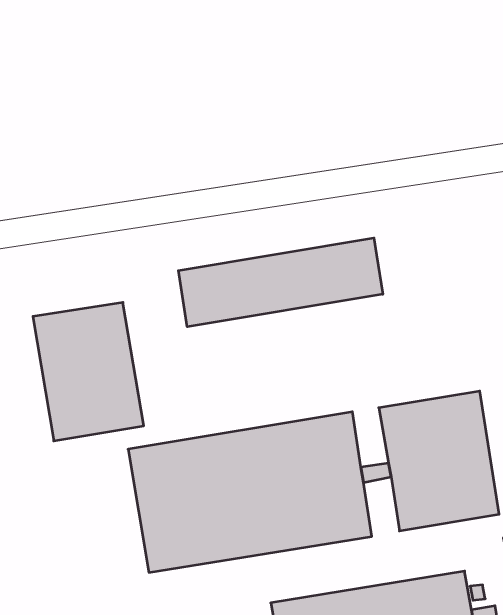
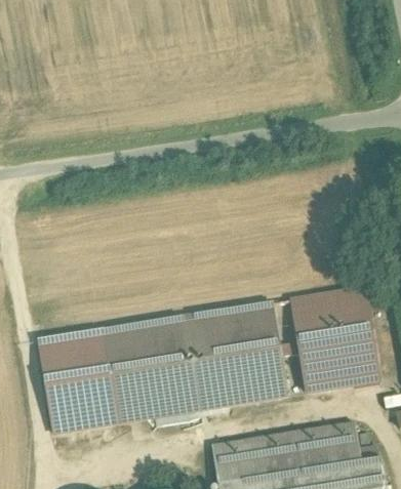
building: [178,238,383,327] -> none
building: [33,302,144,441] -> [39,333,121,436]

